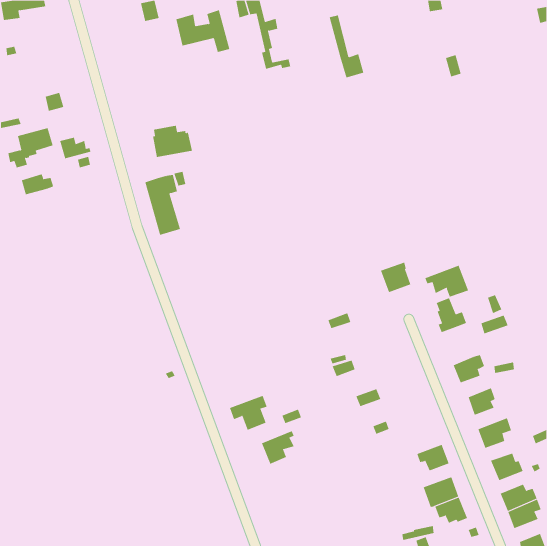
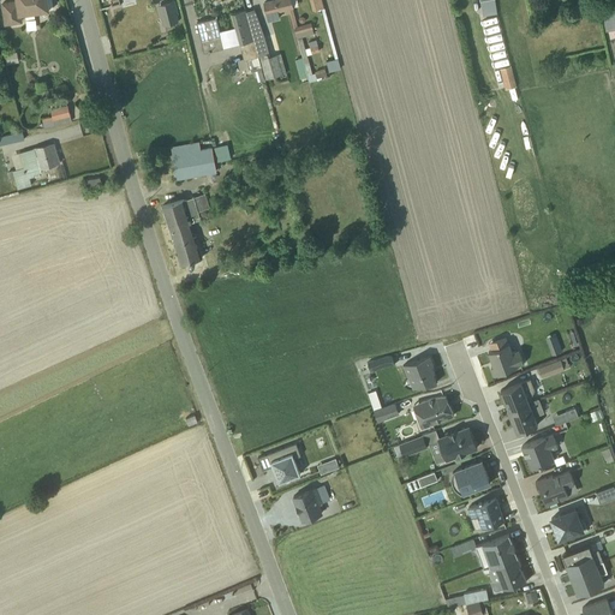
building: [329,15,364,78] -> [246,10,286,80]
building: [60,137,91,159] -> none
building: [21,173,54,195] -> none
building: [380,262,411,293] -> [404,356,438,390]
building: [425,265,469,298] -> none
building: none -> [501,378,535,411]
building: none -> [413,395,454,429]
building: none -> [437,428,477,461]
building: none -> [452,462,490,497]

